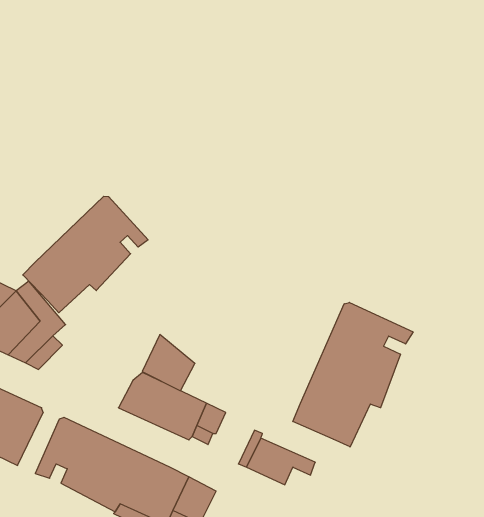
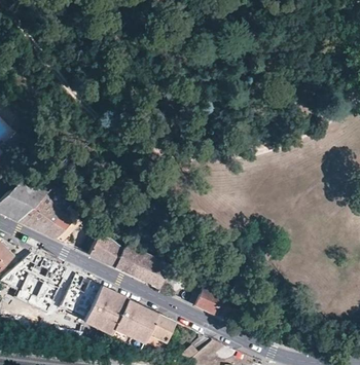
building: [23,196,148,313] -> none
building: [293,302,413,447] -> none
building: [142,335,195,391] -> [88,231,122,267]

